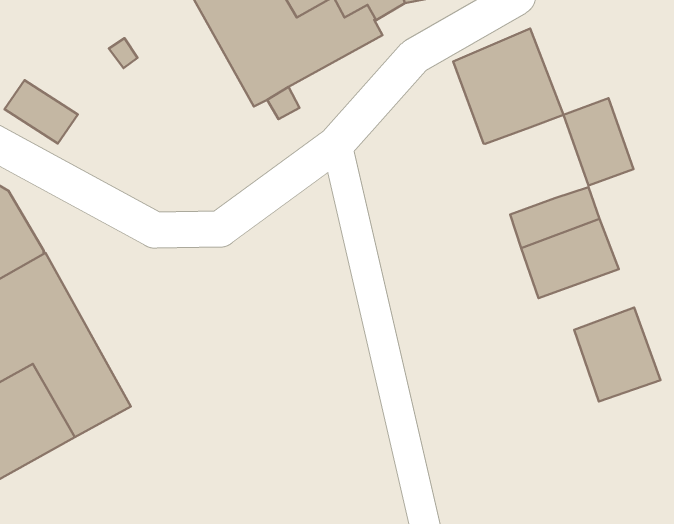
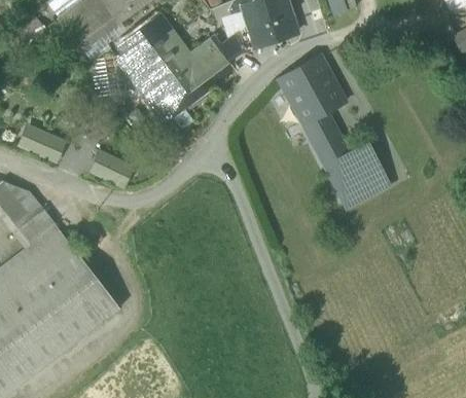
building: [564,98,633,185] -> [302,111,348,164]
building: none -> [92,153,130,185]
building: [574,308,660,402] -> none

